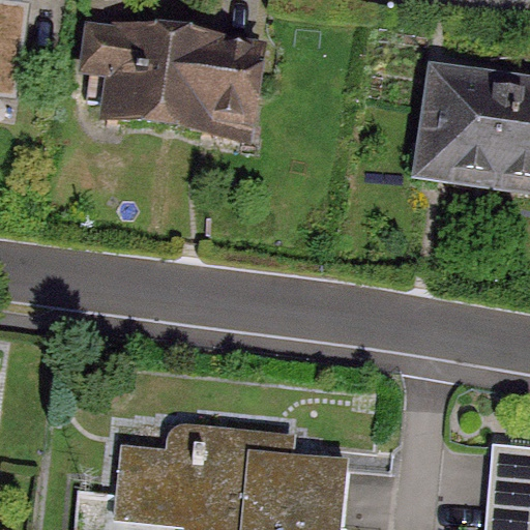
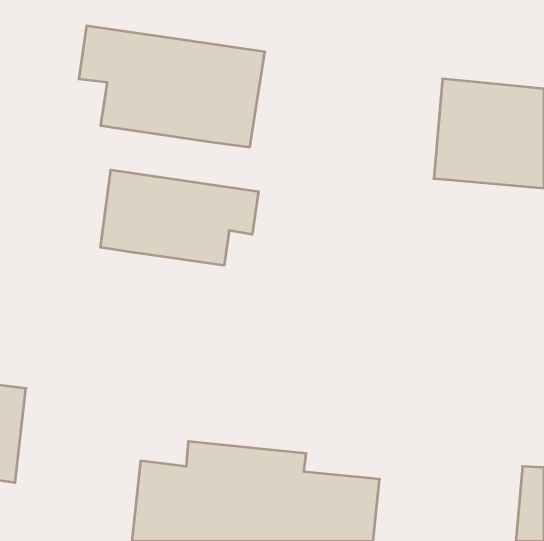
building: none -> [101,170,258,265]

